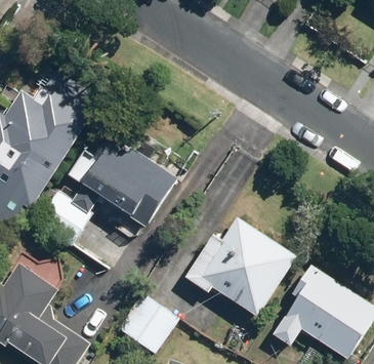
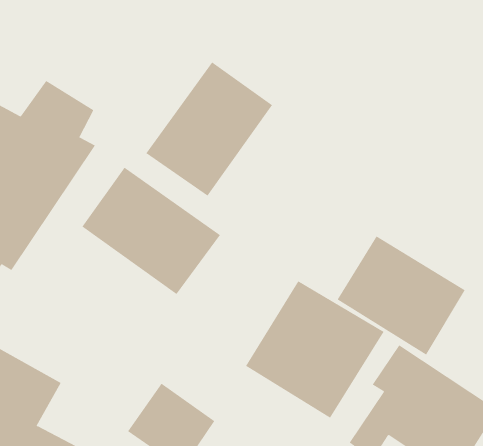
building: none -> [146,62,273,197]
building: none -> [337,235,465,355]

